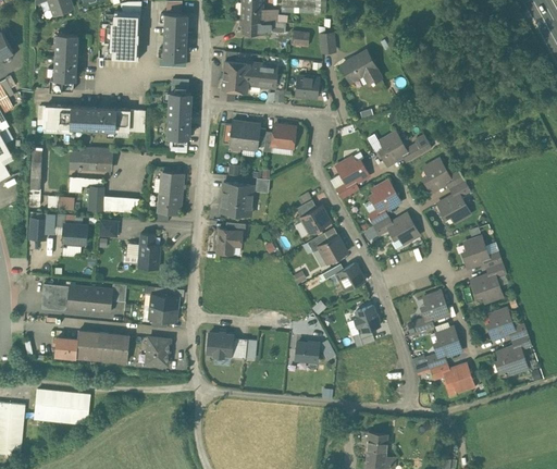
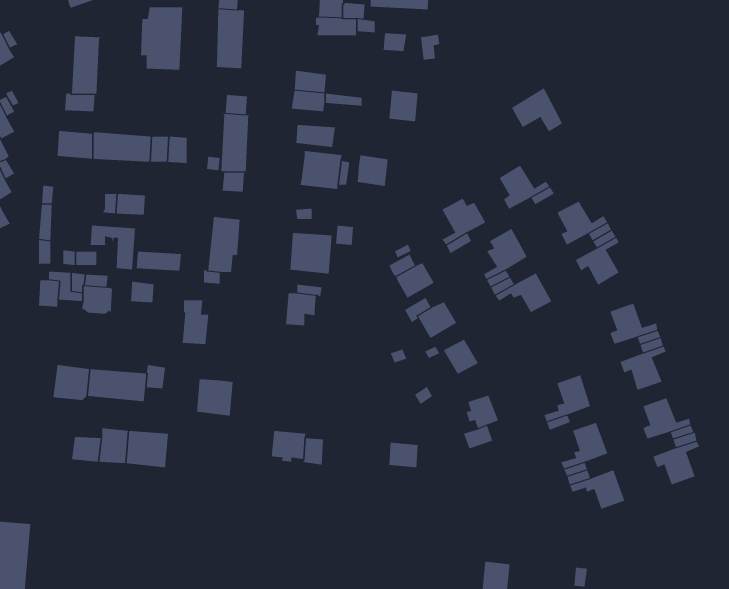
building: [341,50,380,84] -> [511,88,563,132]
building: [247,63,277,81] -> [295,124,336,147]
building: [146,336,169,365] -> none
building: [34,390,89,423] -> none

